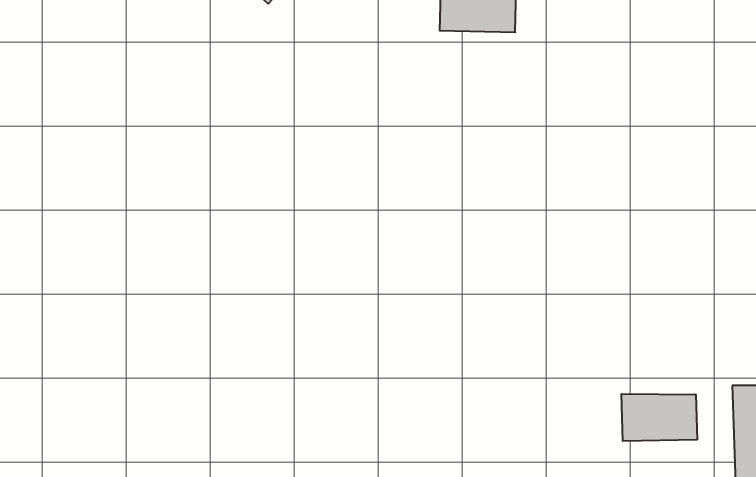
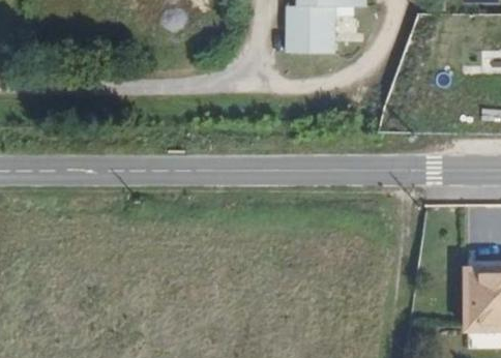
building: [621,394,697,441] -> none

